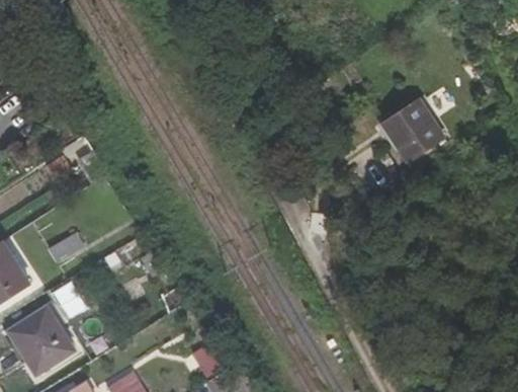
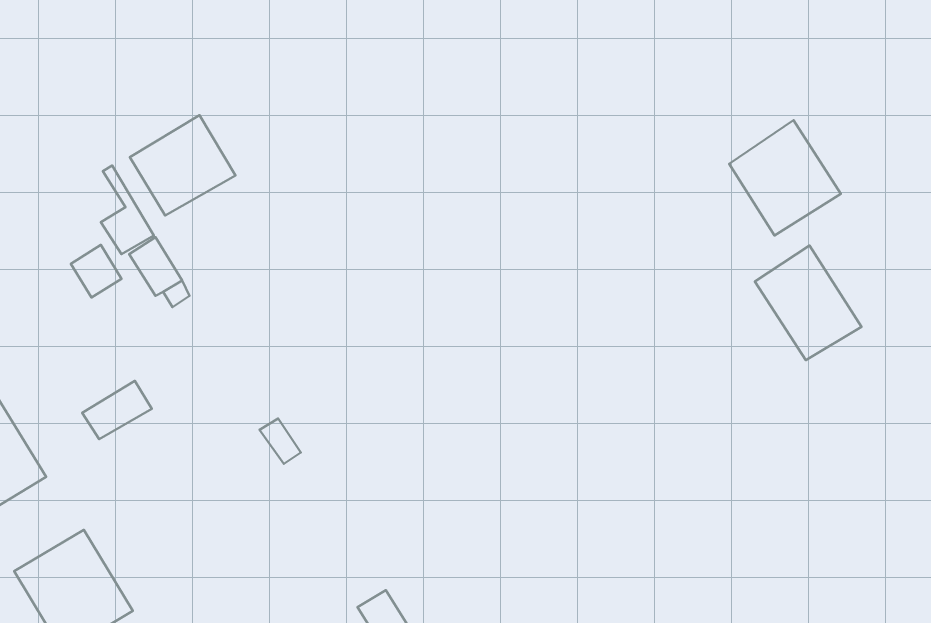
building: none -> [130,115,235,216]
building: none -> [755,246,862,360]

